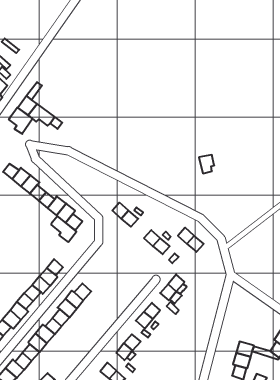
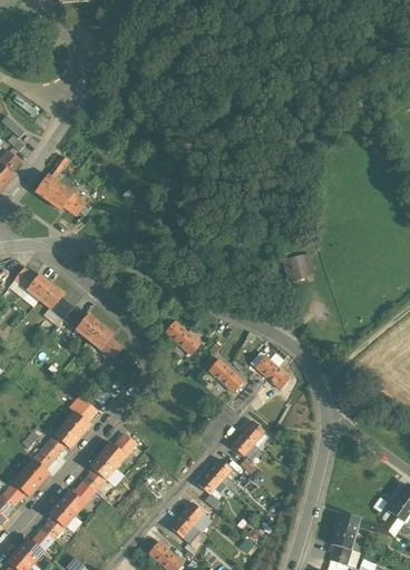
building: [9,108,33,134] -> none
building: [51,216,76,242] -> none

